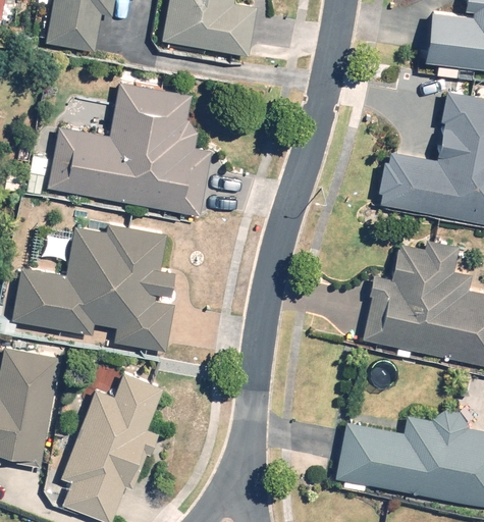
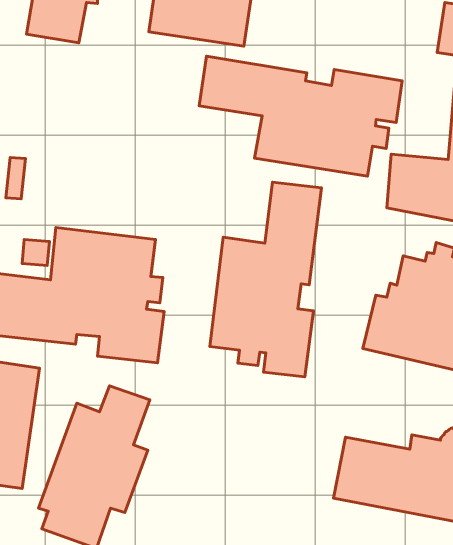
building: none -> [199,56,402,176]
building: [44,83,214,218] -> none
building: none -> [210,182,321,377]

